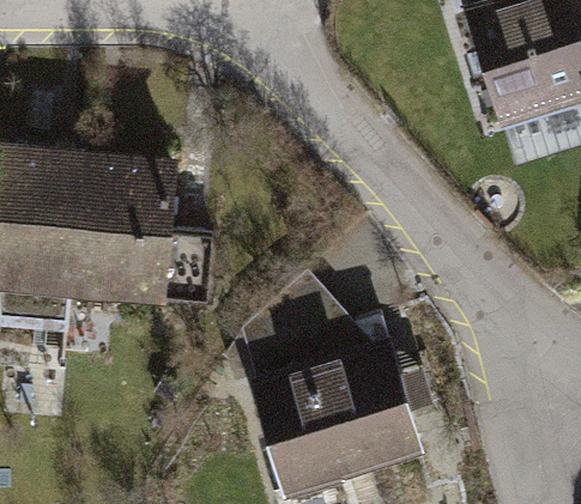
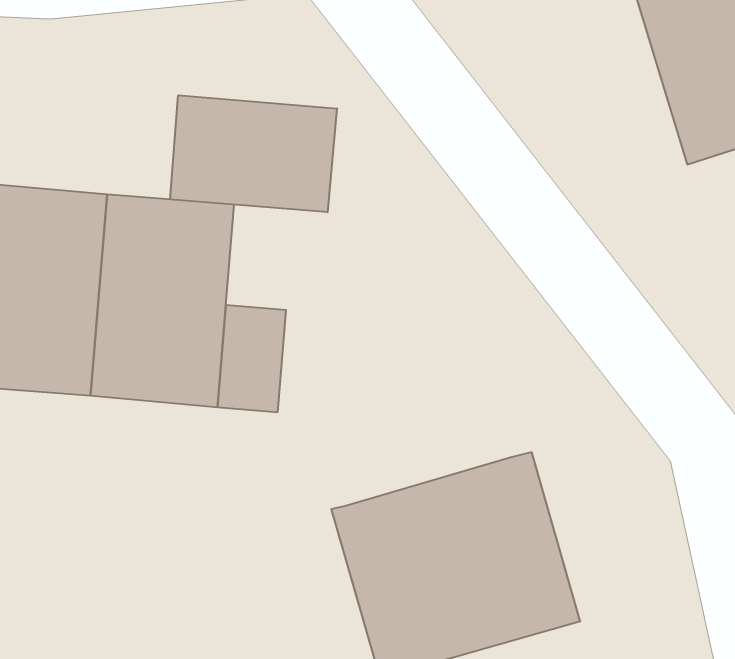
building: none -> [170,95,337,212]
building: [244,268,379,378] -> none

